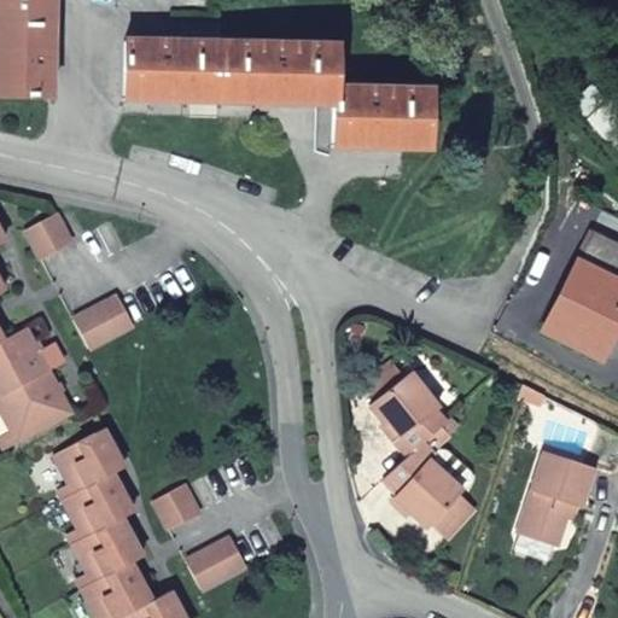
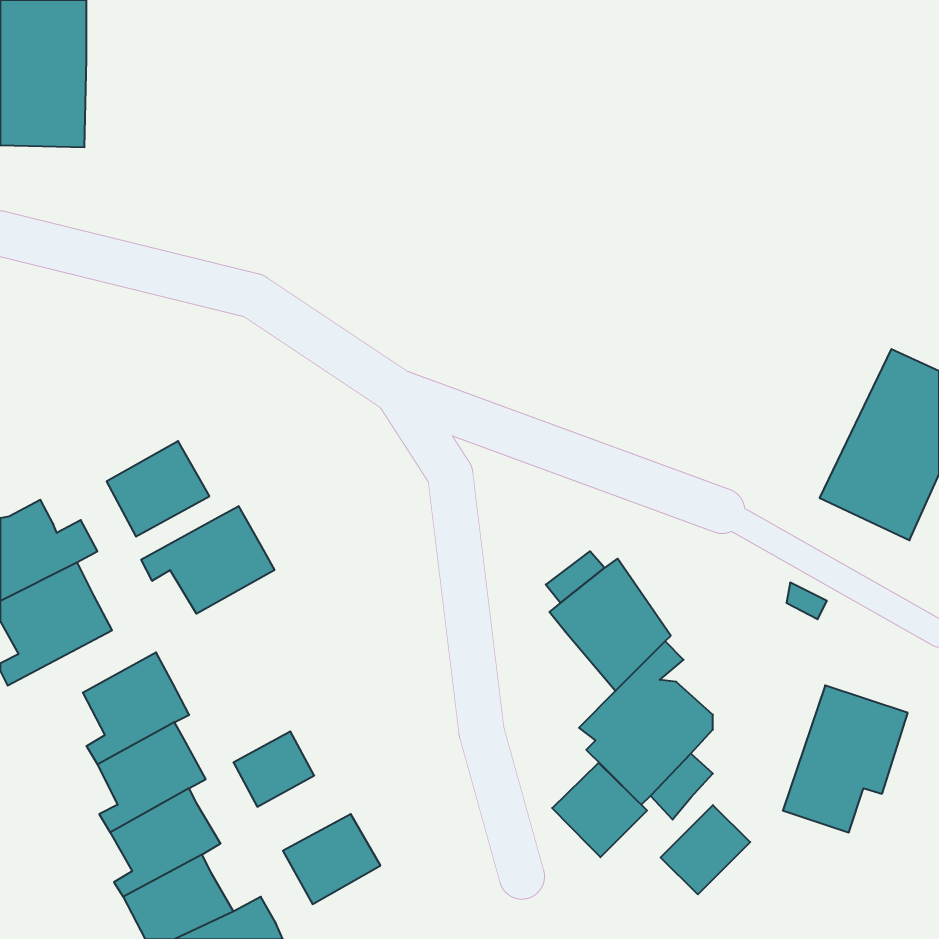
building: [127,40,428,146] -> none
building: [22,209,75,256] -> none
building: none -> [141,506,274,614]
building: none -> [552,763,647,857]
building: none -> [661,805,750,894]

